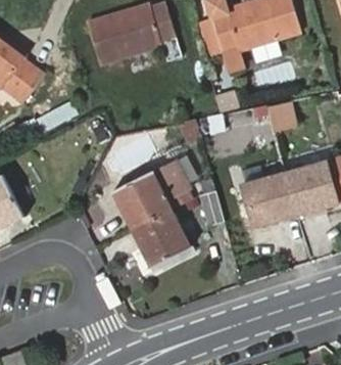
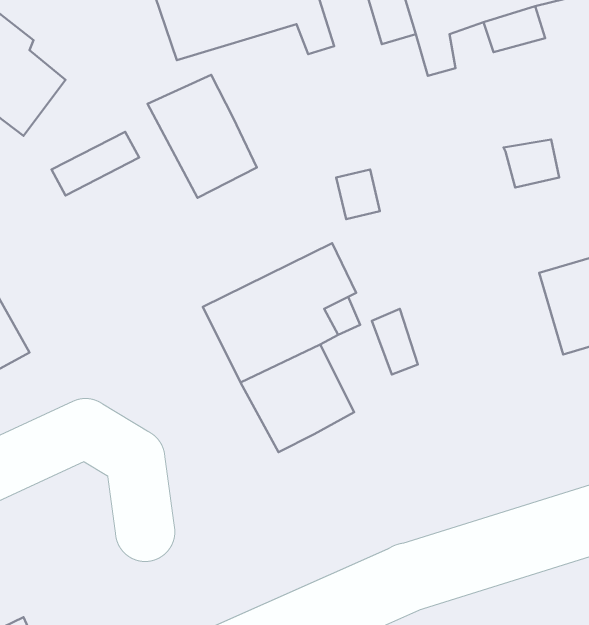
building: none -> [147,75,257,198]
building: [244,174,297,227] -> none

